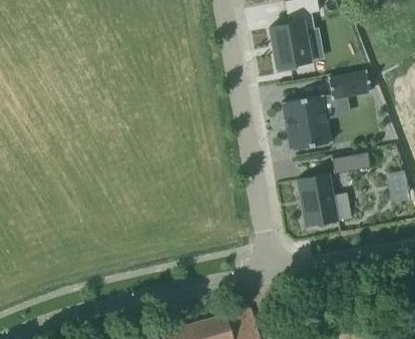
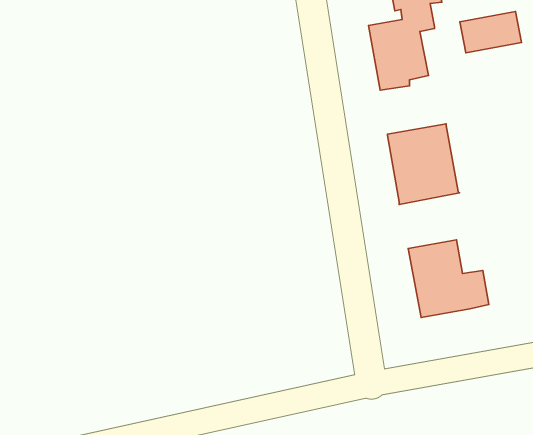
building: [329,71,371,99] -> [460,12,521,53]
building: [333,152,372,175] -> none

